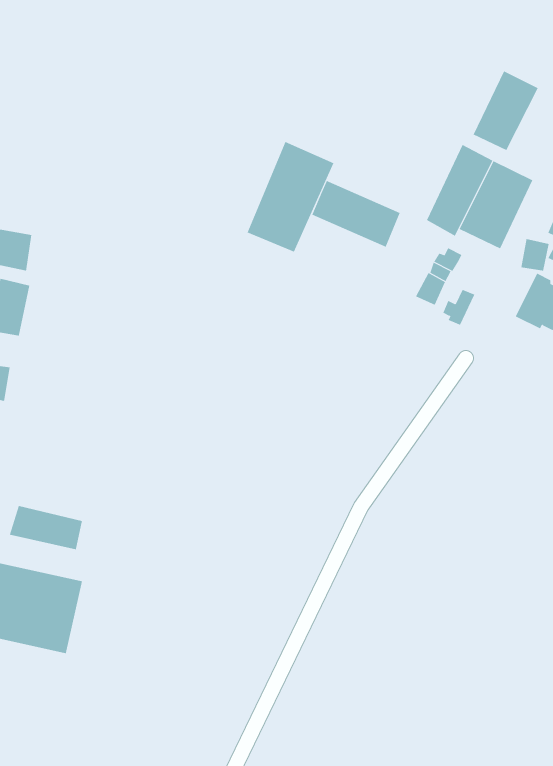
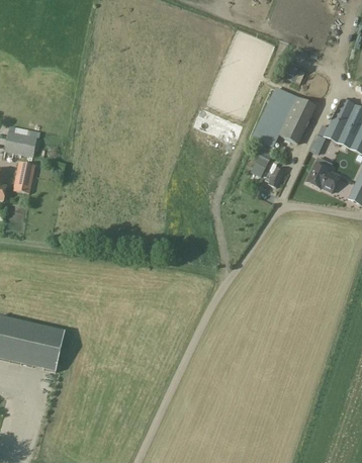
building: [473,70,538,151] -> none
building: [247,141,334,252] -> none
building: [9,505,83,550] -> none

